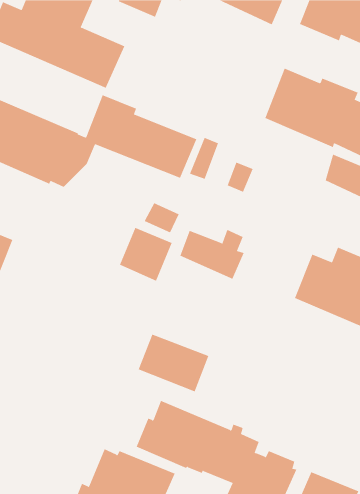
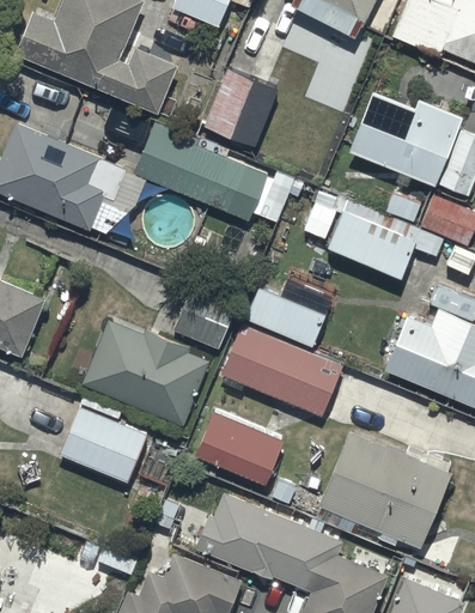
building: none -> [205,29,288,147]
building: none -> [328,193,421,278]
building: none -> [83,320,208,426]
building: none -> [221,326,343,418]
building: none -> [60,407,147,484]
building: none -> [315,431,452,552]

